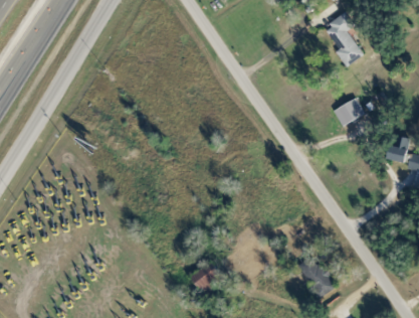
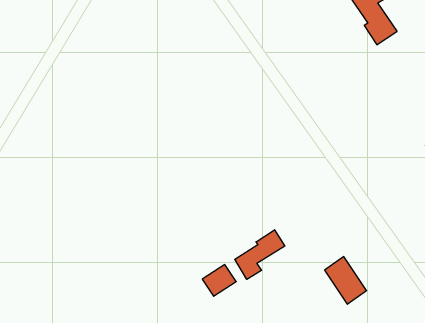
building: [332,98,363,126] -> none
building: none -> [235,230,285,279]

